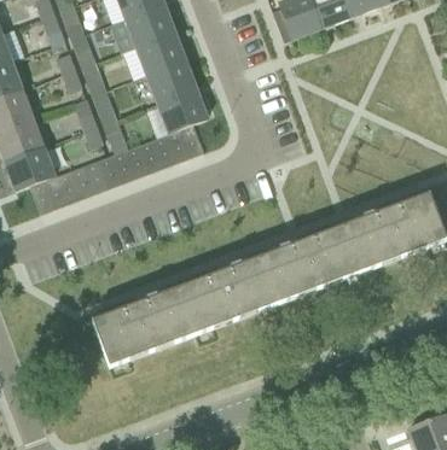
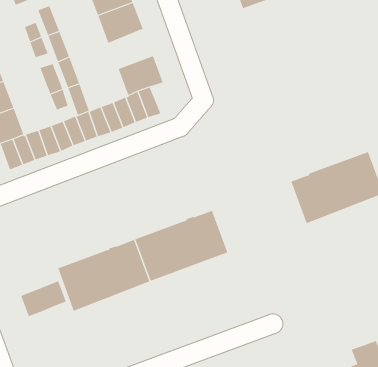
building: [146,59,196,103] -> none
building: [260,224,361,302] -> none
building: none -> [21,281,66,317]

